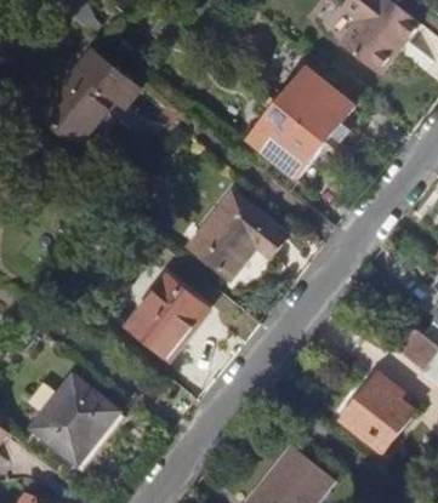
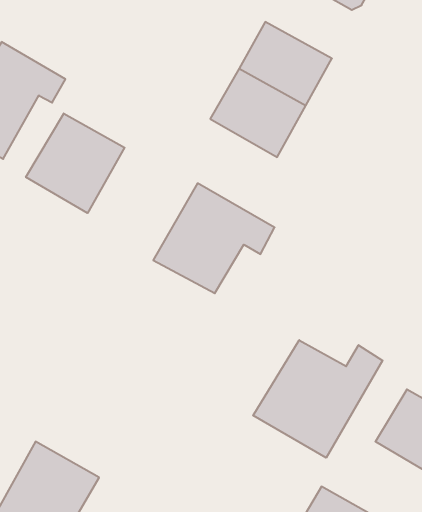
building: none -> [26,113,125,213]
building: [129,276,210,356] -> none
building: none -> [253,340,383,458]

